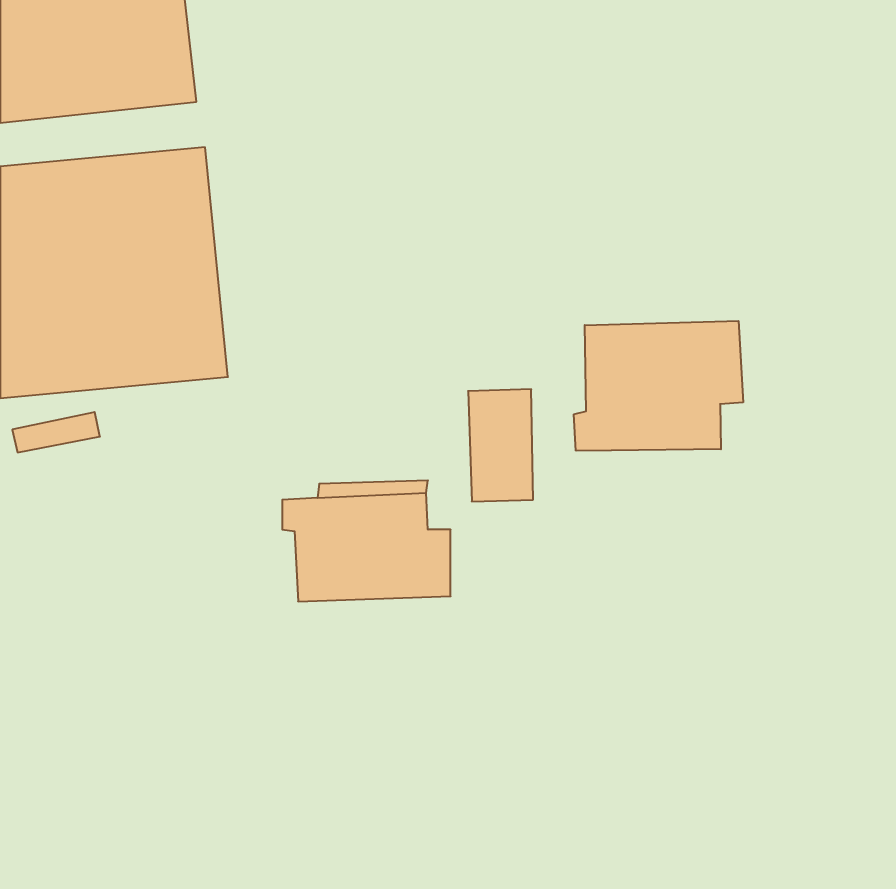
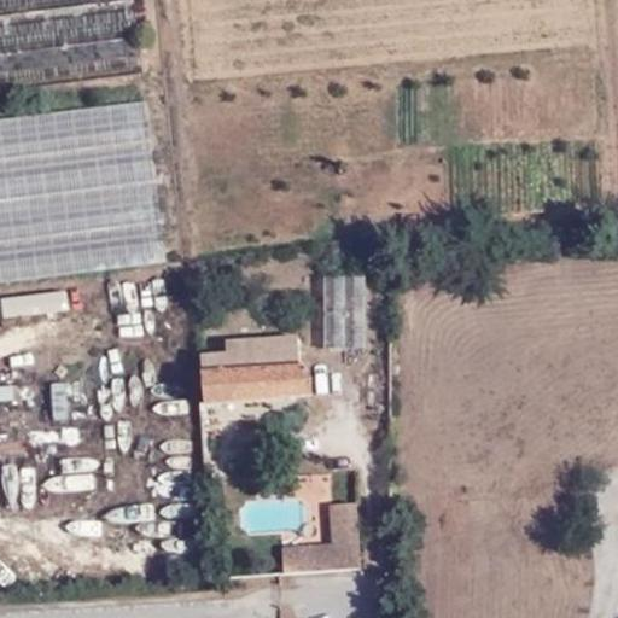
building: [574,321,743,451] -> none
building: none -> [273,501,351,575]

